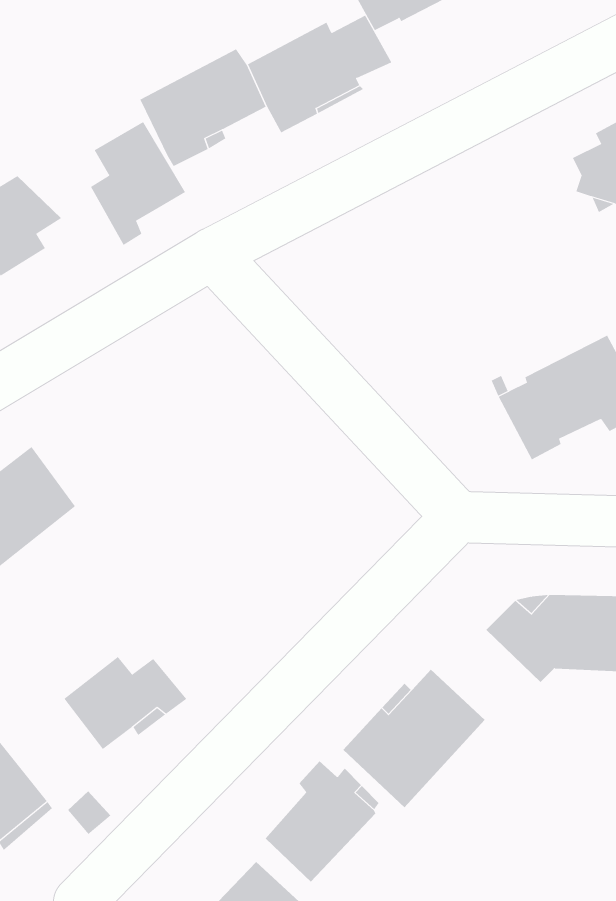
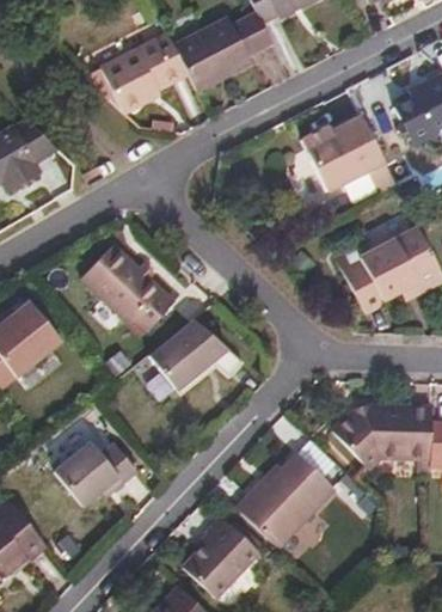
building: [90,121,186,246] -> none
building: none -> [303,117,397,192]
building: none -> [78,246,171,335]
building: none -> [146,322,238,391]

